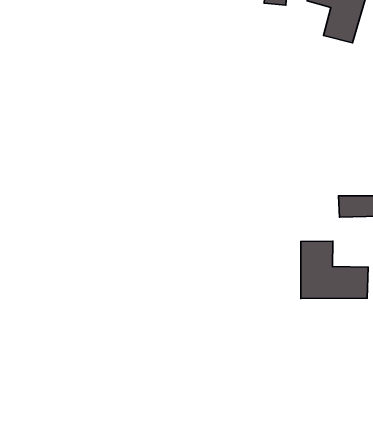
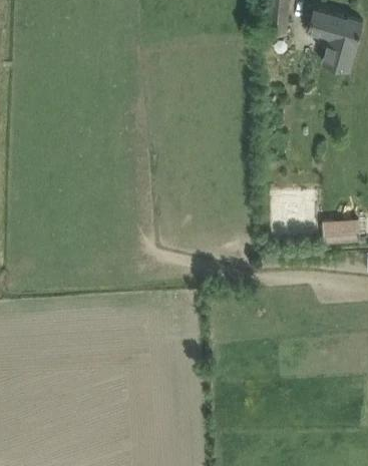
building: [301,241,368,299] -> none

